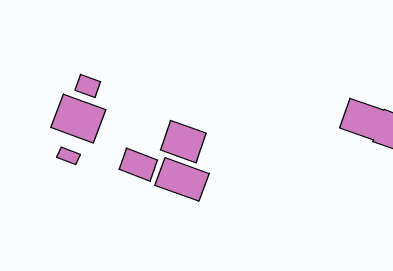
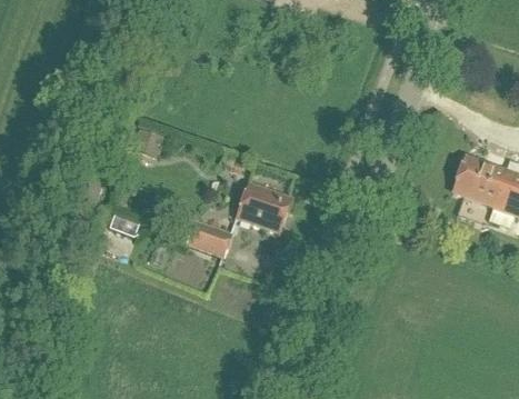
building: [51,94,106,143] -> none
building: [155,158,209,201] -> none

